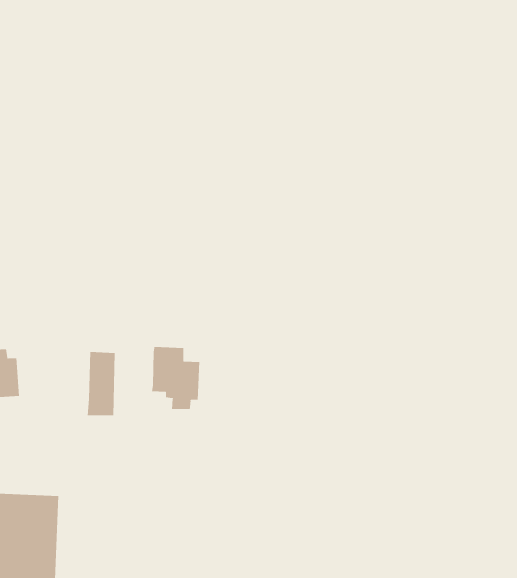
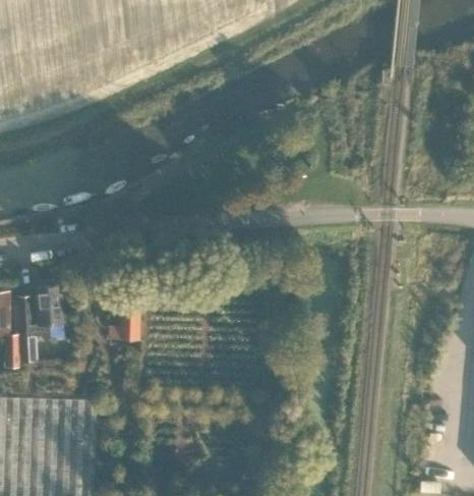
building: [152,346,200,410] -> none

